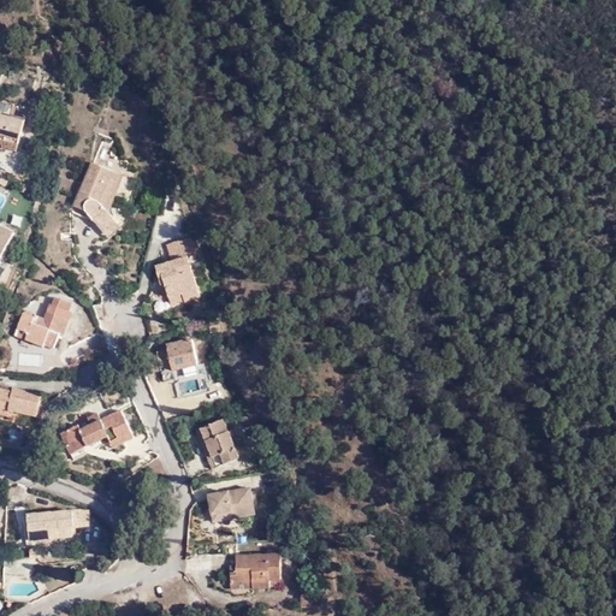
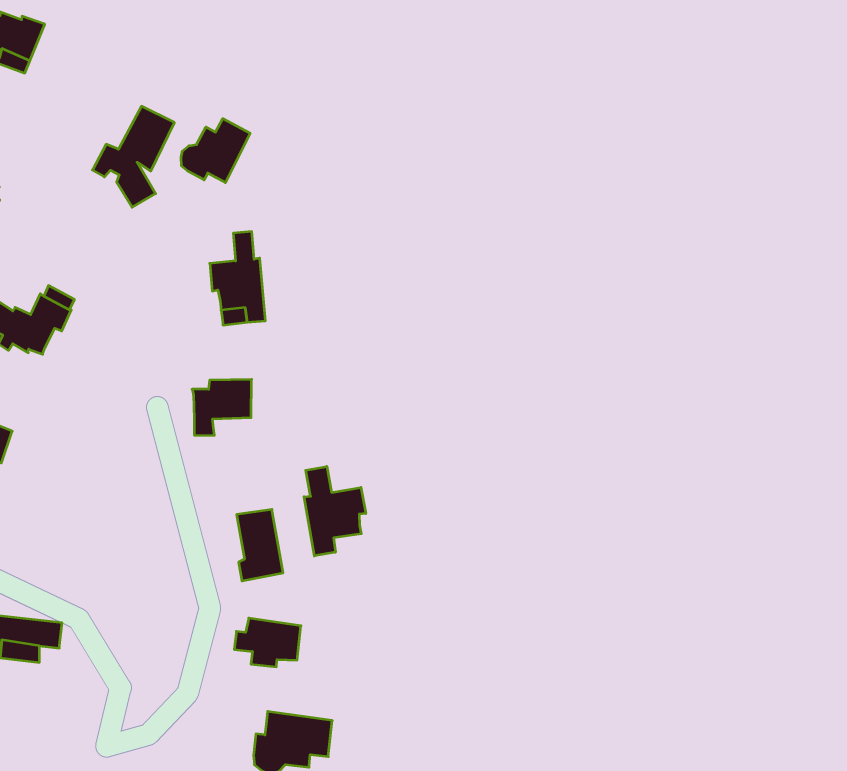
building: none -> [181,119,250,183]
building: none -> [304,466,366,556]
building: [58,408,132,448] -> none

